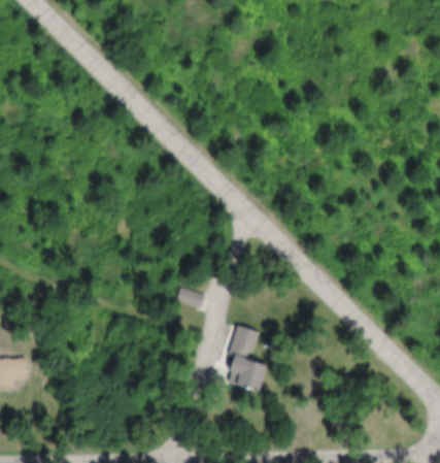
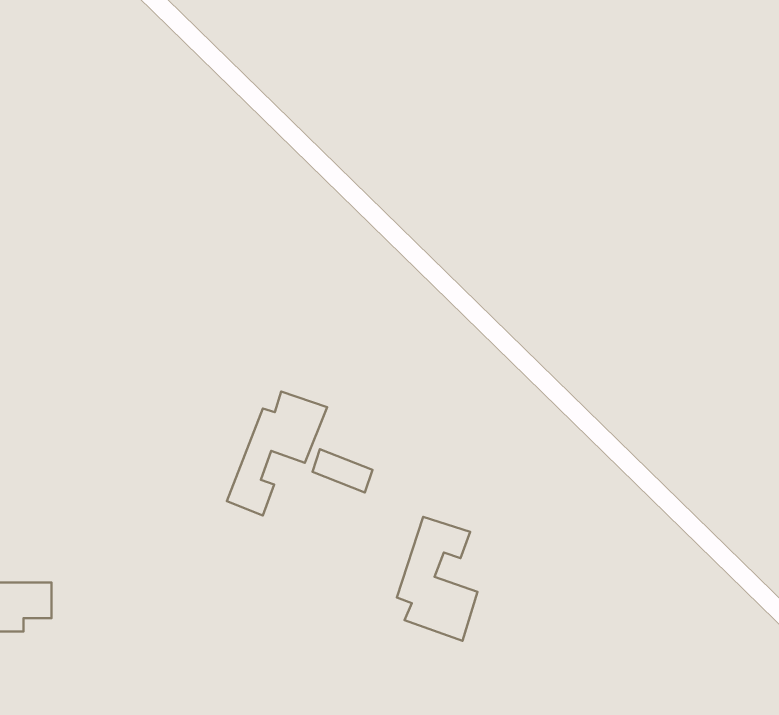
building: none -> [227,391,327,515]

